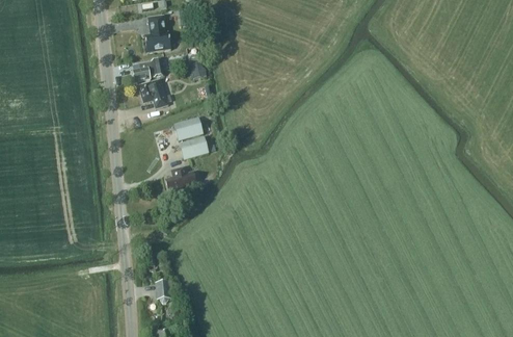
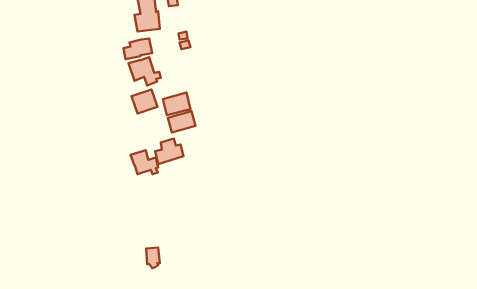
building: none -> [131,90,158,114]
building: none -> [131,150,158,174]

